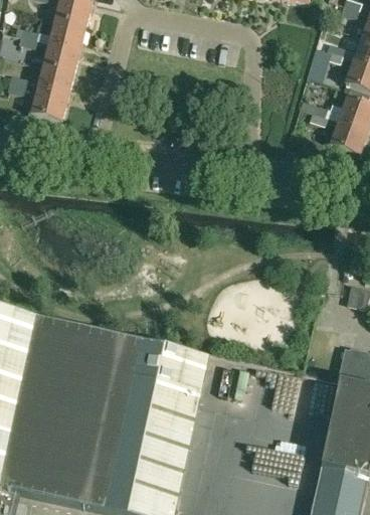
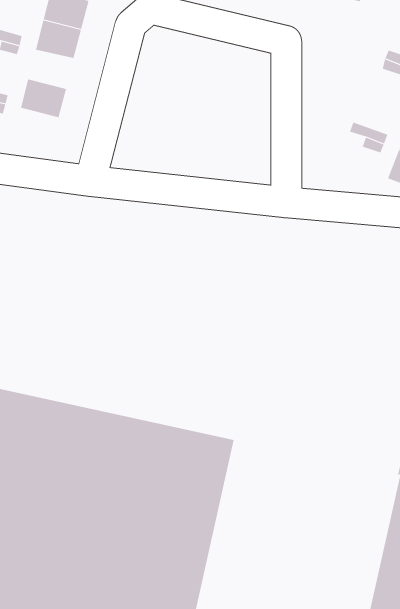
building: [41,44,78,75] -> none
building: [29,91,66,123] -> none

